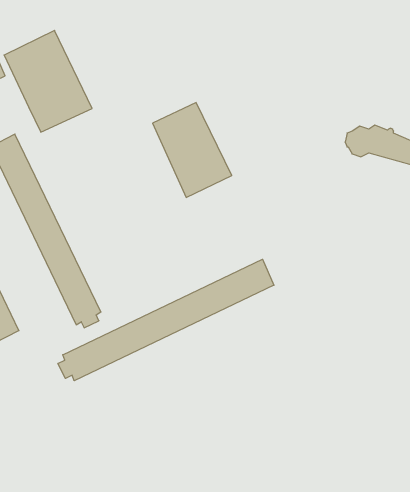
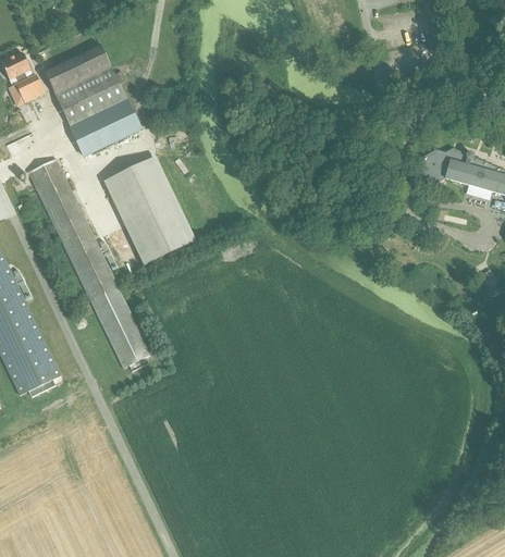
building: [153,103,232,197] -> [107,159,194,263]
building: [58,259,274,381] -> none

